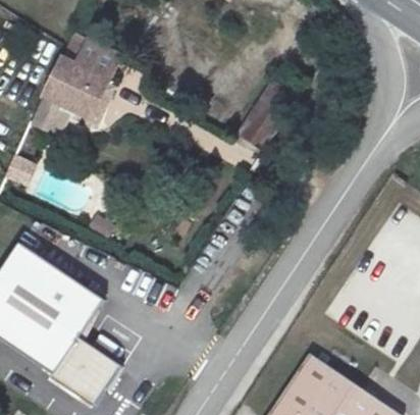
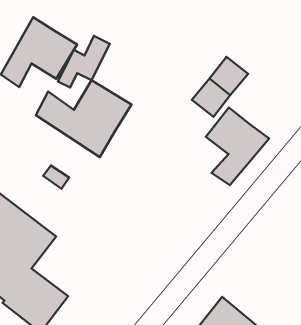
building: [82,44,121,83] -> none
building: none -> [36,80,131,157]
building: none -> [206,108,269,185]

